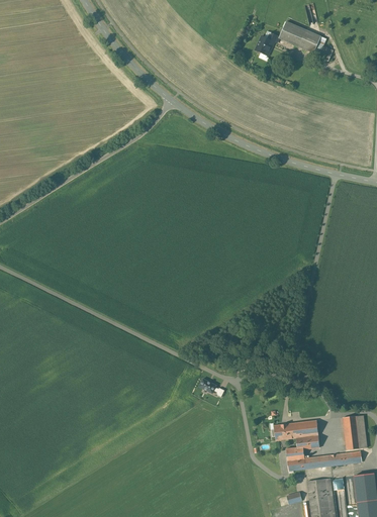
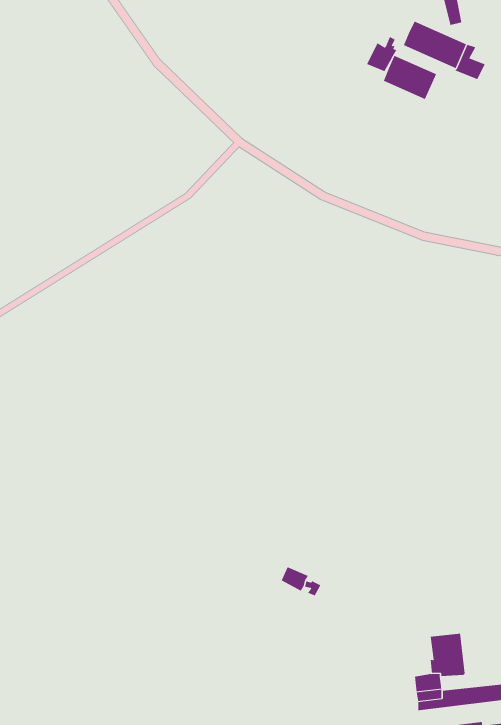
building: none -> [383,55,437,100]
building: [271,422,298,439] -> none

